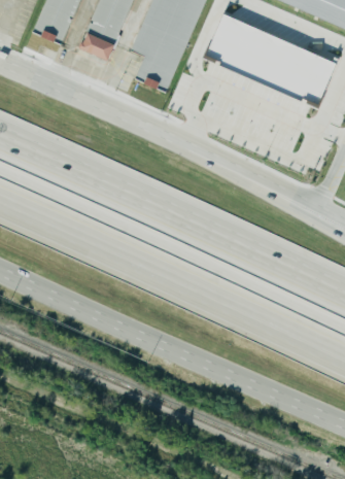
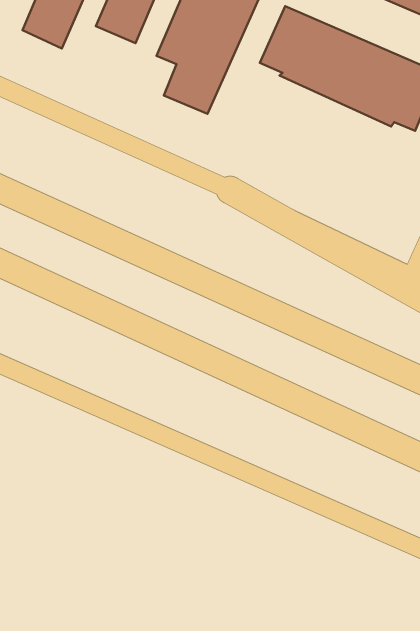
building: [82,31,115,57] -> none

